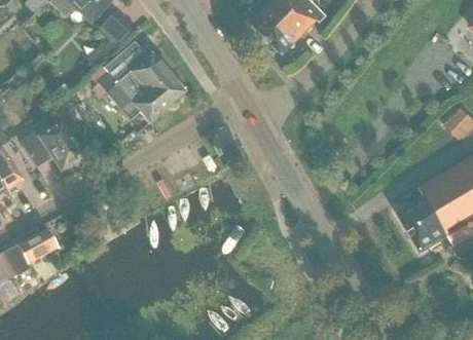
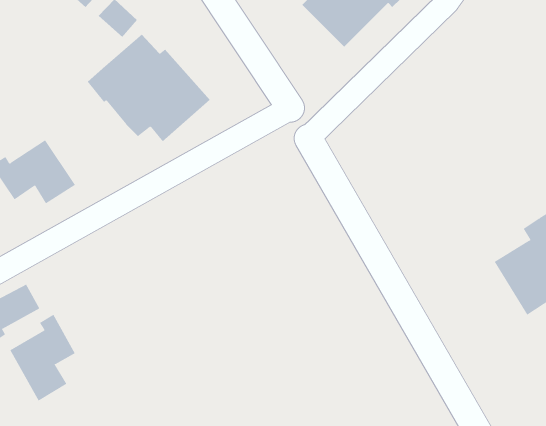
building: none -> [9,314,75,401]

